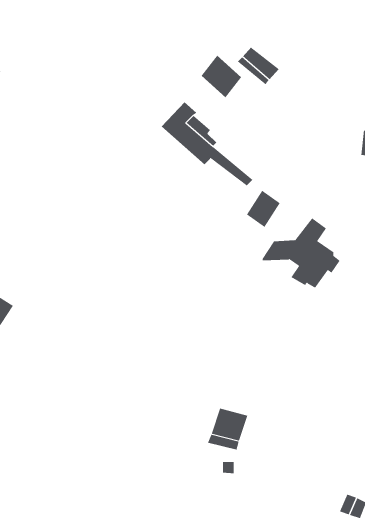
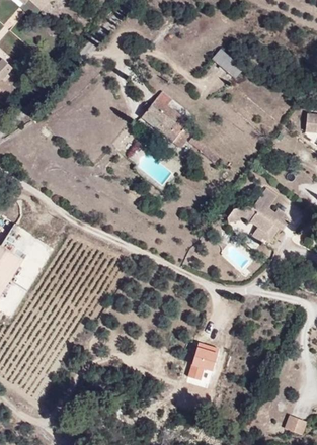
building: [201,55,242,98] -> none
building: [246,190,281,228] -> none

